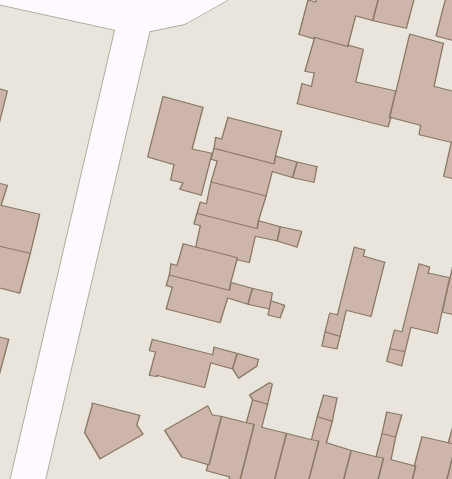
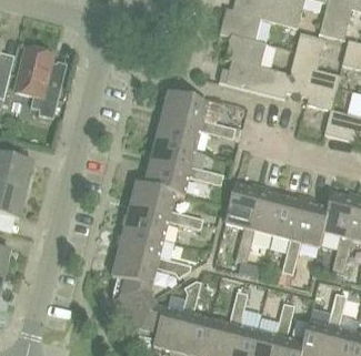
building: [148,97,212,195] -> [14,45,61,116]
building: none -> [225,182,260,232]
building: none -> [272,193,307,244]
building: none -> [114,227,163,261]
building: [84,403,143,459] -> [112,275,154,315]

